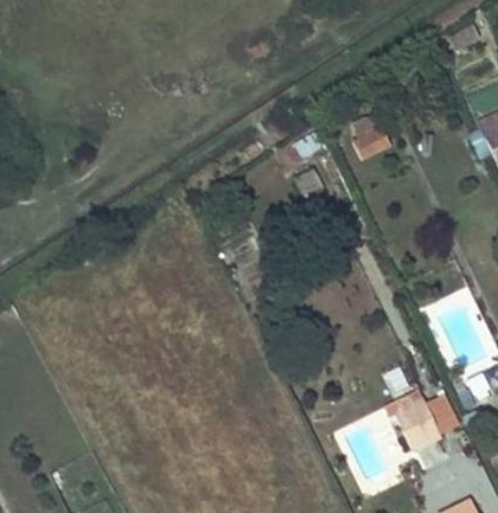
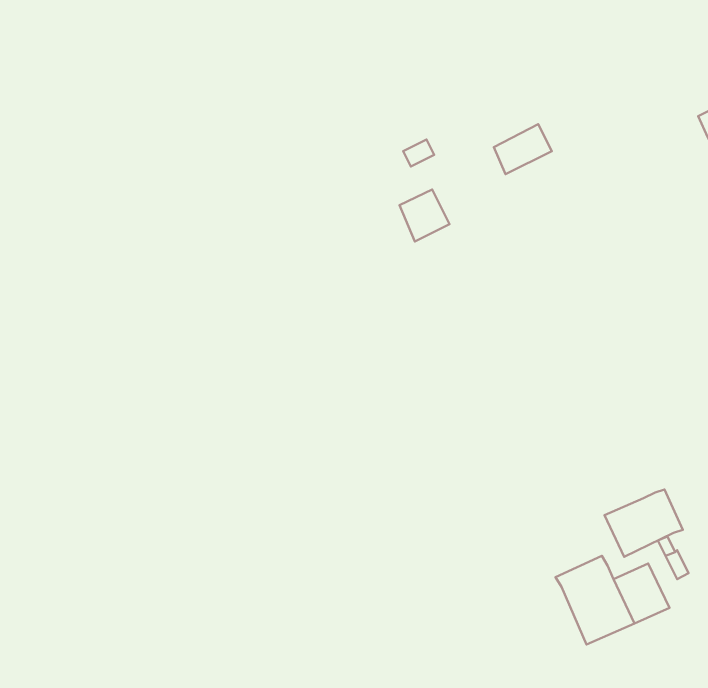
building: none -> [604,489,683,557]

